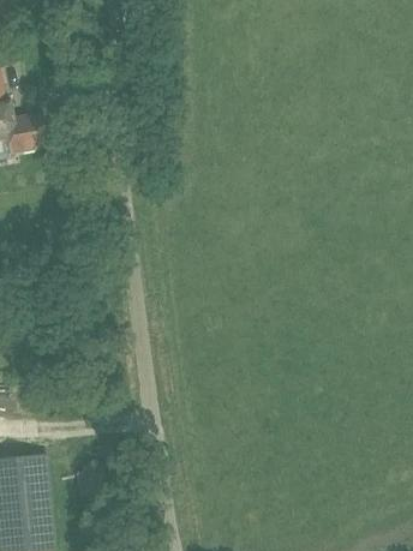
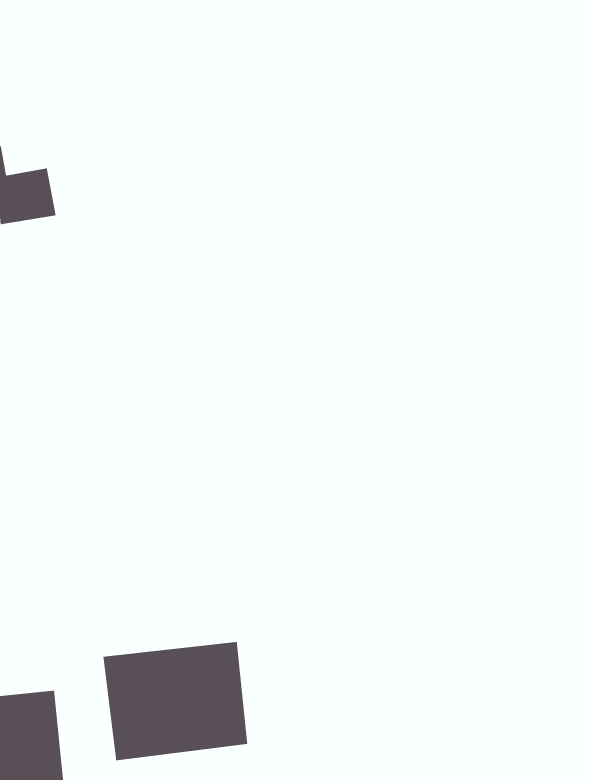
building: none -> [103,641,248,761]

